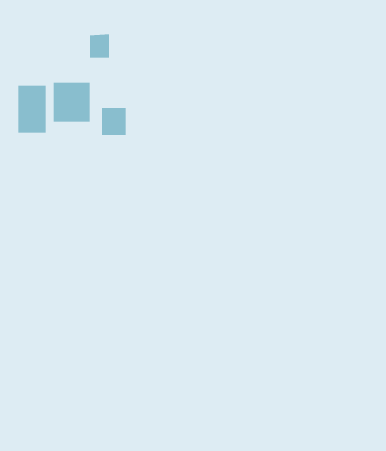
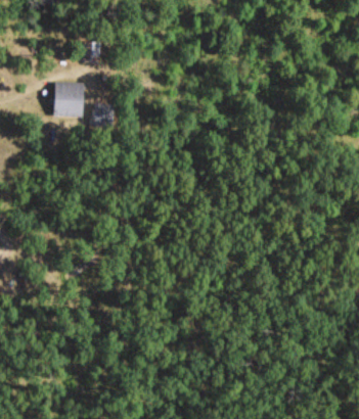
building: [18,85,46,134] -> none

